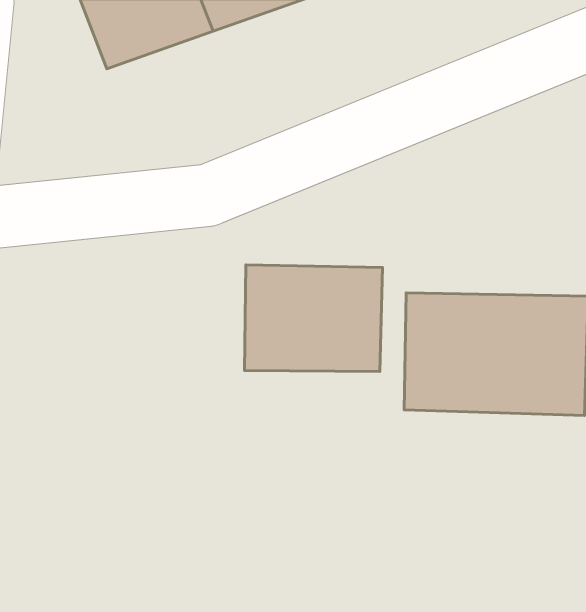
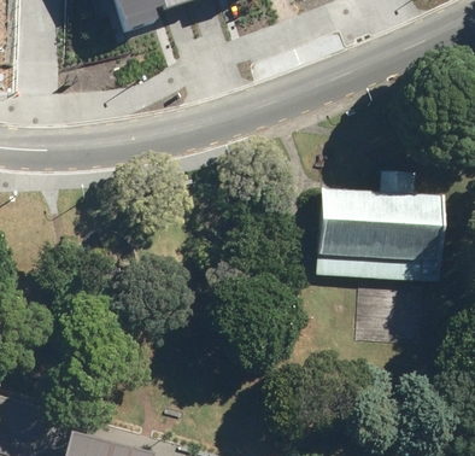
building: [245,265,382,371] -> none

